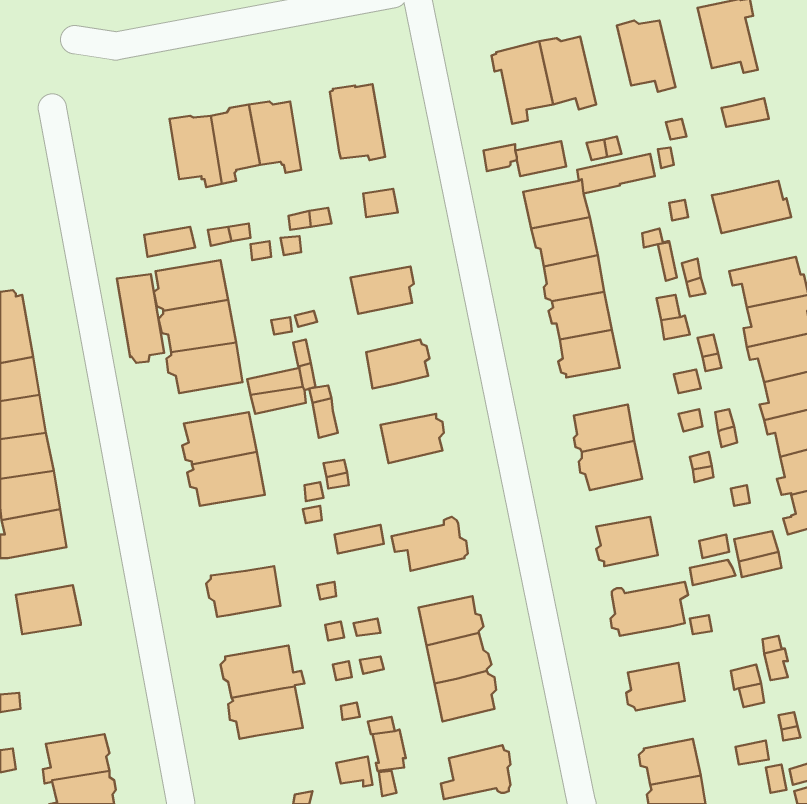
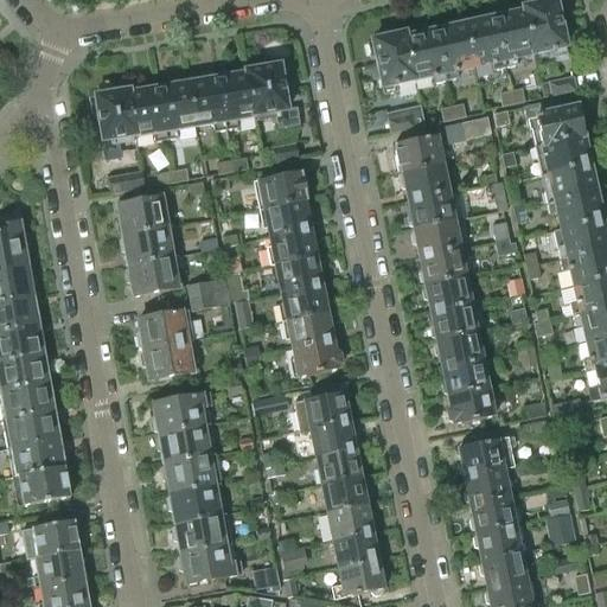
building: none -> [496,6,535,65]
building: none -> [436,19,474,78]
building: none -> [219,69,256,127]
building: none -> [96,89,136,148]
building: none -> [524,100,584,145]
building: none -> [542,162,598,203]
building: none -> [258,170,309,207]
building: [117,274,164,363] -> none
building: none -> [270,226,320,263]
building: none -> [423,275,472,311]
building: none -> [281,281,331,318]
building: none -> [293,337,343,376]
building: none -> [442,358,488,394]
building: none -> [153,390,213,430]
building: none -> [8,409,57,445]
building: none -> [309,417,358,454]
building: none -> [161,453,218,491]
building: none -> [19,465,71,505]
building: none -> [465,468,510,503]
building: none -> [26,518,81,556]
building: none -> [474,524,520,560]
building: none -> [333,530,379,567]
building: none -> [178,544,242,582]

